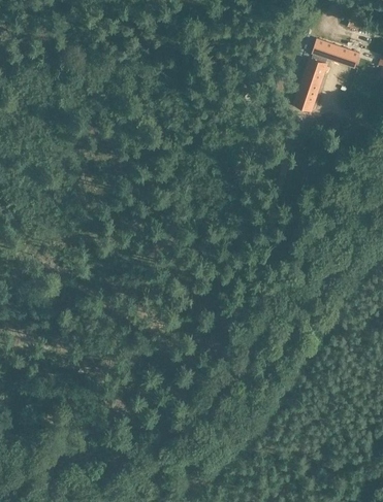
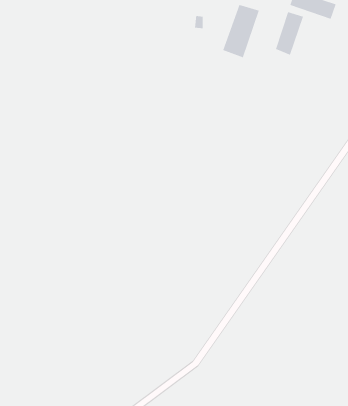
building: none -> [222,4,260,58]

